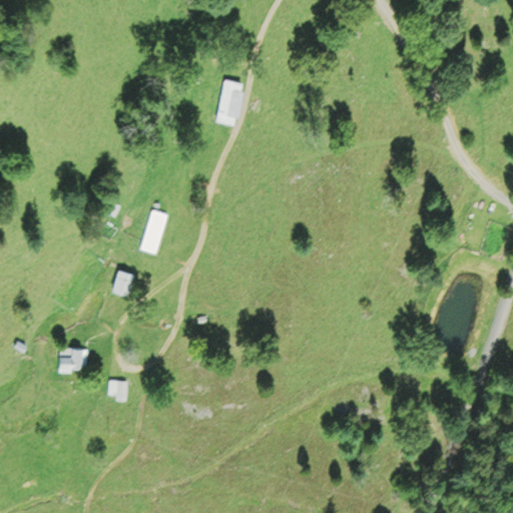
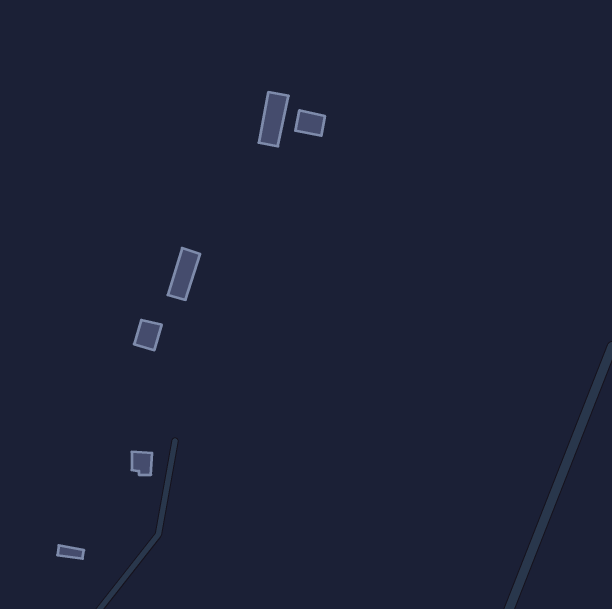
building: none -> [295,110,325,136]
building: [58,348,87,374] -> none

